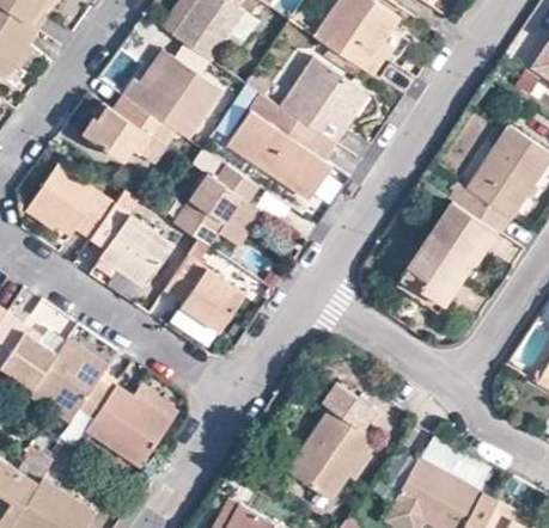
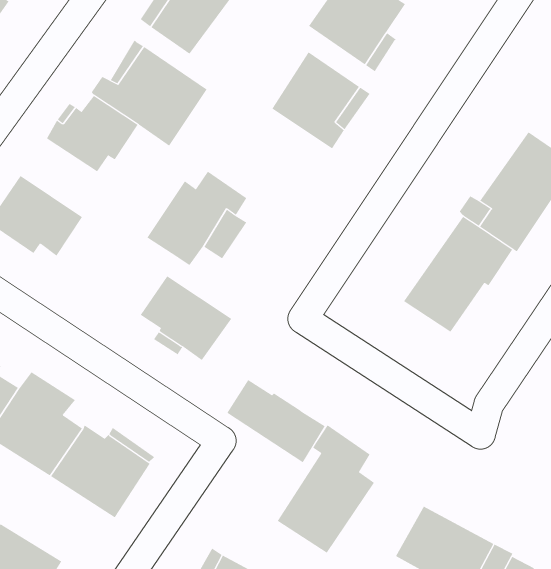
building: [230,94,335,194] -> none
building: [92,204,175,287] -> none
building: none -> [226,379,325,463]

